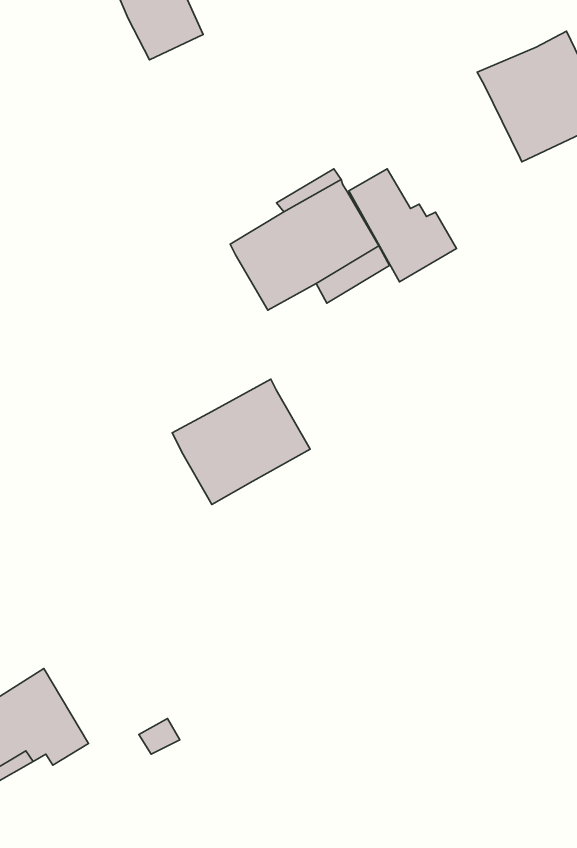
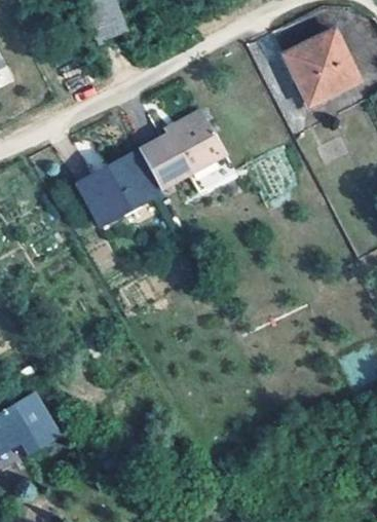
building: [349,169,456,282] -> none
building: [172,379,310,505] -> [79,153,158,225]

